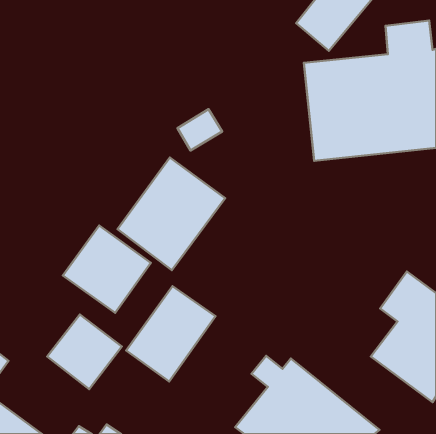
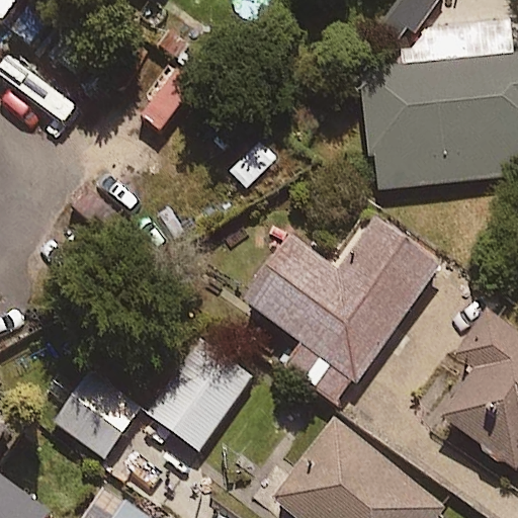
building: [118,157,225,270] -> none
building: none -> [251,222,442,403]
building: [63,225,151,313] -> none

